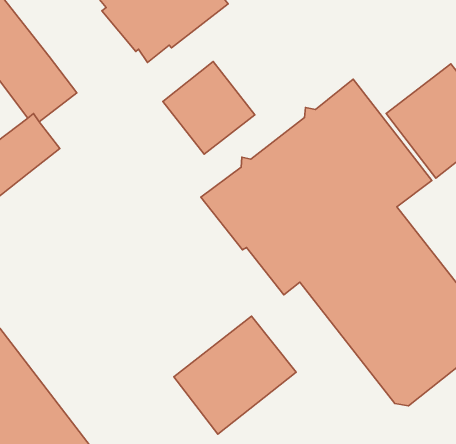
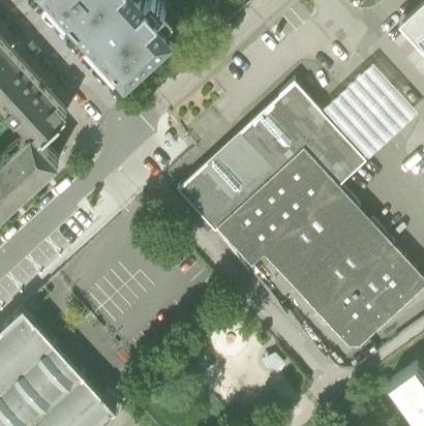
building: [163,62,255,154] -> none
building: [174,316,296,434] -> none

